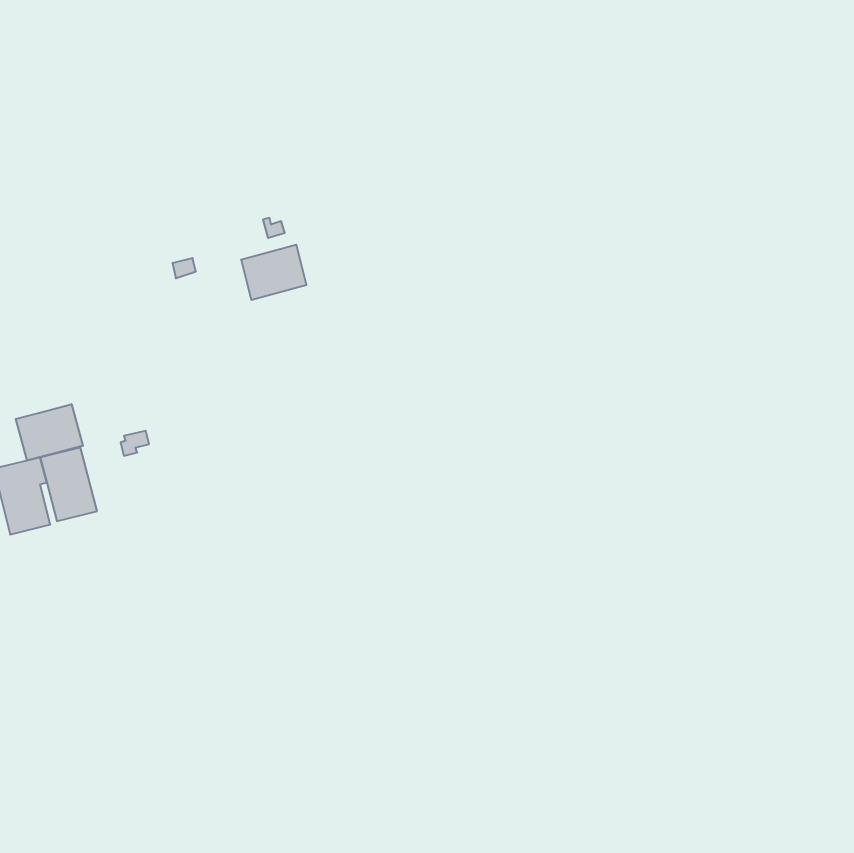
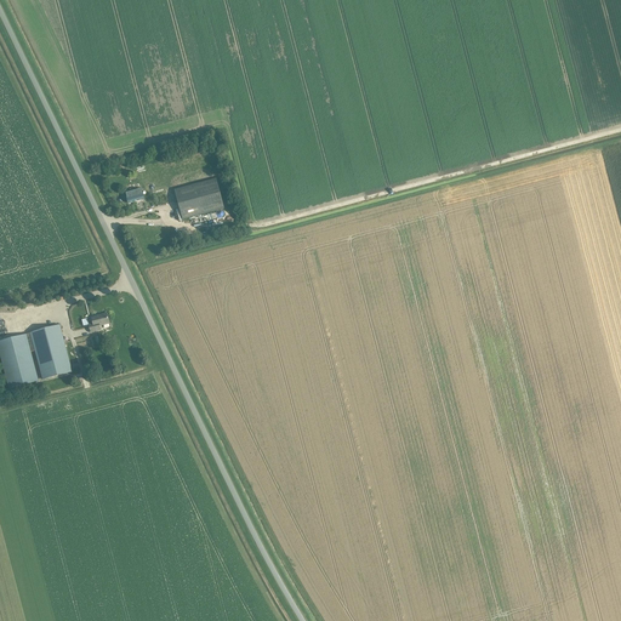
building: [16,404,83,461] -> none

